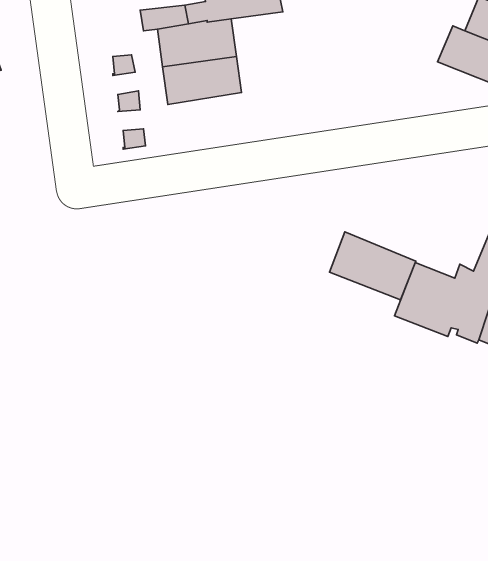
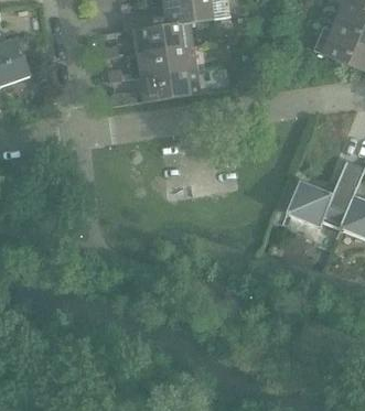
building: none -> [141,69,193,101]
building: [329,232,416,300] -> none

